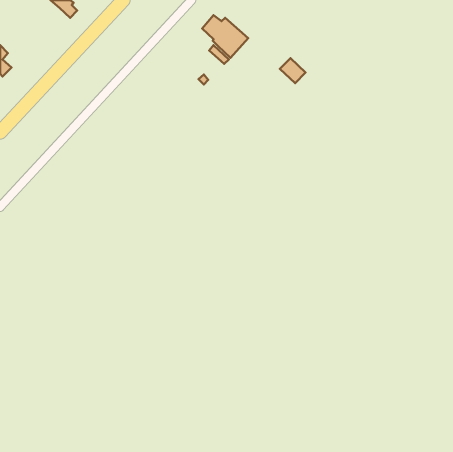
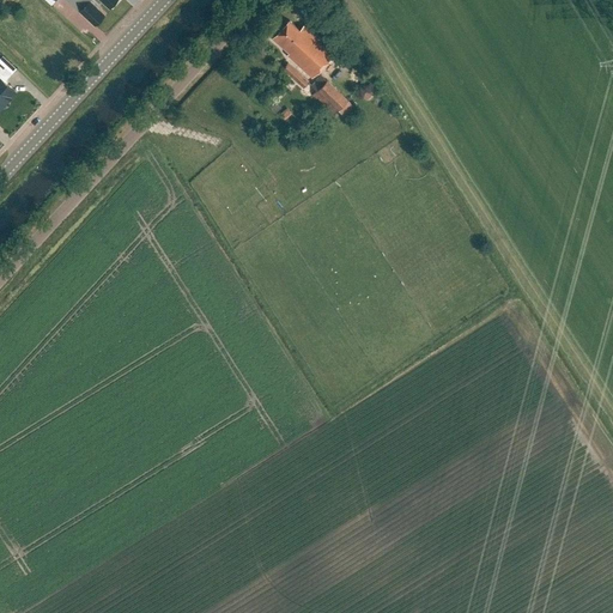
building: [280,58,306,83] -> [312,83,347,116]

